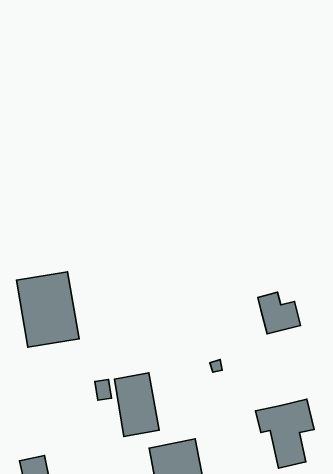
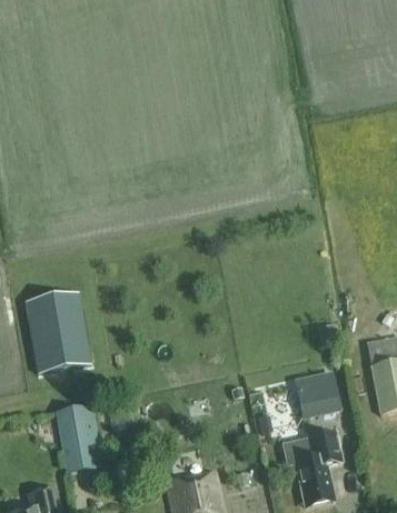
building: [258,292,301,334] -> [295,374,340,419]
building: [114,373,159,436] -> [57,404,105,472]

